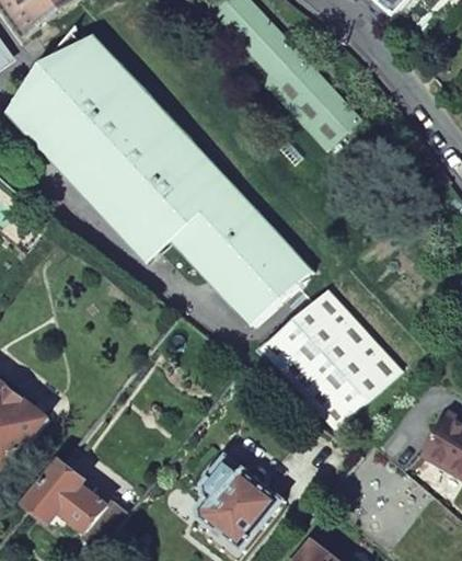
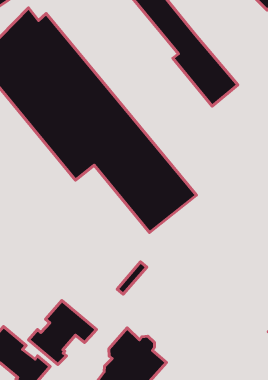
building: [264,290,397,426] -> none
building: none -> [28,300,96,365]

